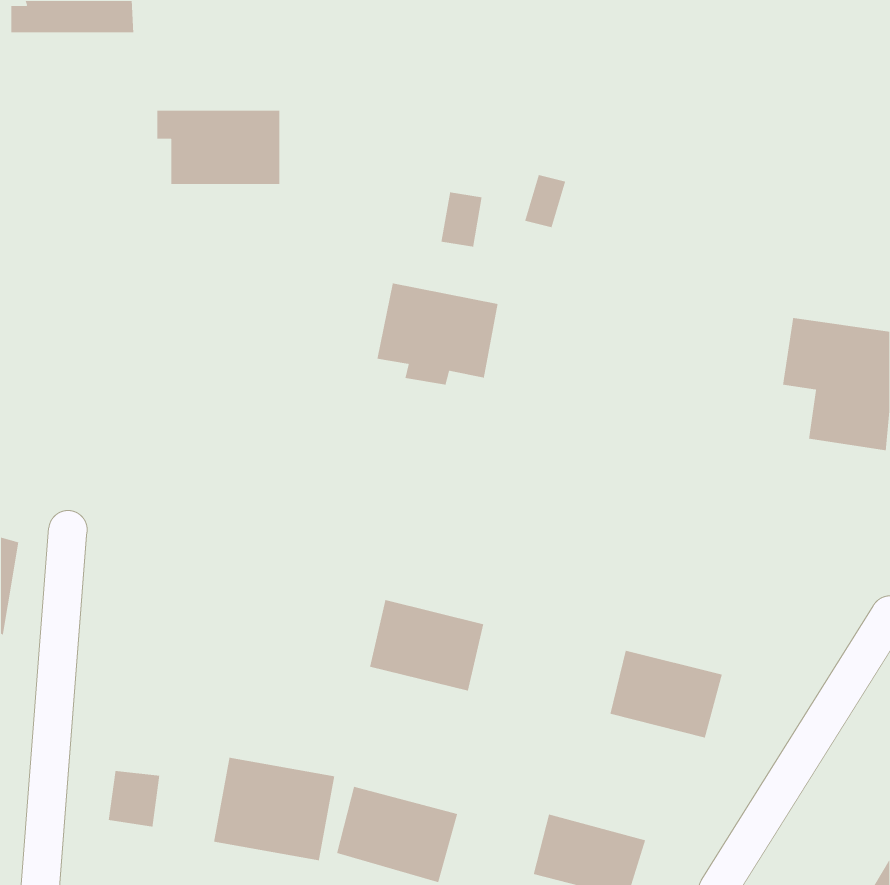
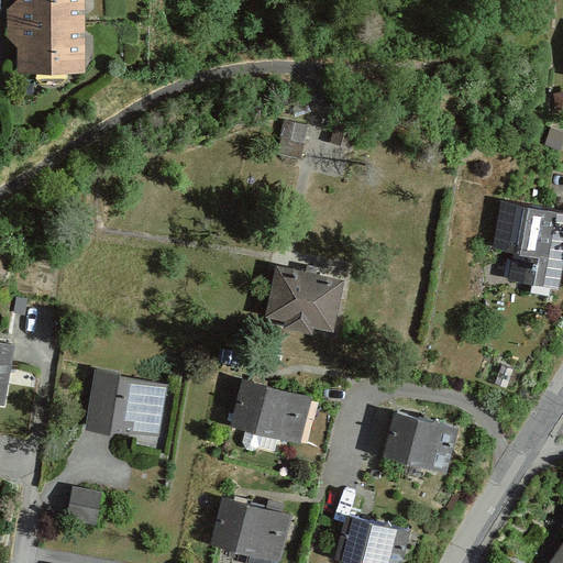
building: [156,110,280,185] -> [7,24,85,71]
building: [377,283,498,385] -> [266,268,343,333]
building: [213,757,335,861] -> [88,372,165,438]

